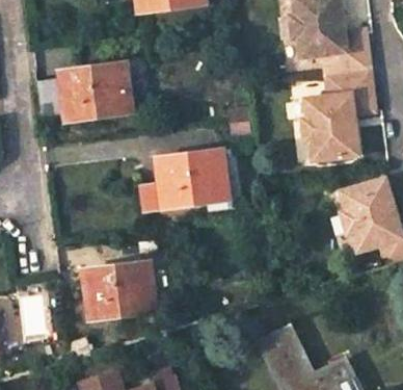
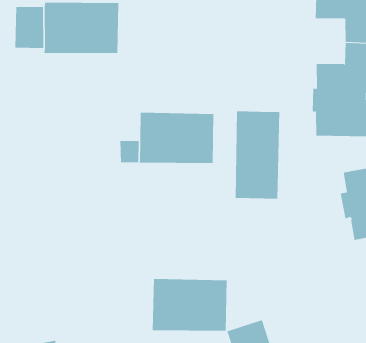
building: none -> [235,110,280,199]
building: [83,264,154,317] -> [152,279,227,331]

